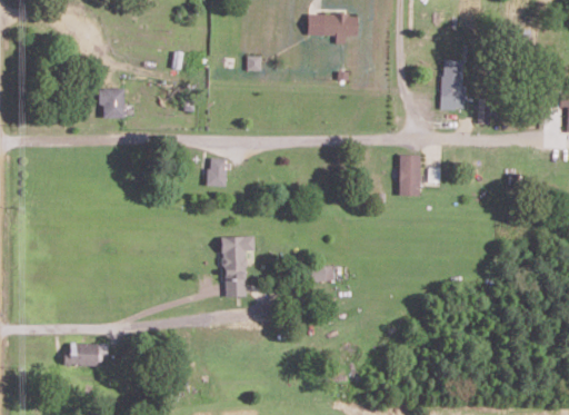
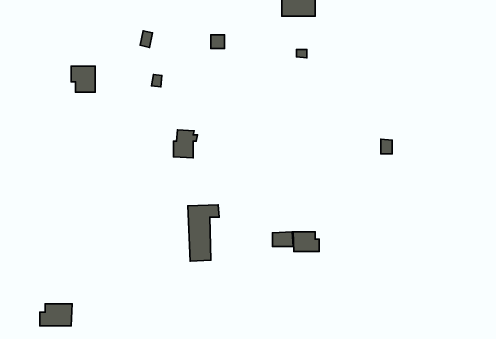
building: [439,60,467,111] -> none
building: [399,155,425,196] -> none
building: none -> [293,232,319,251]

